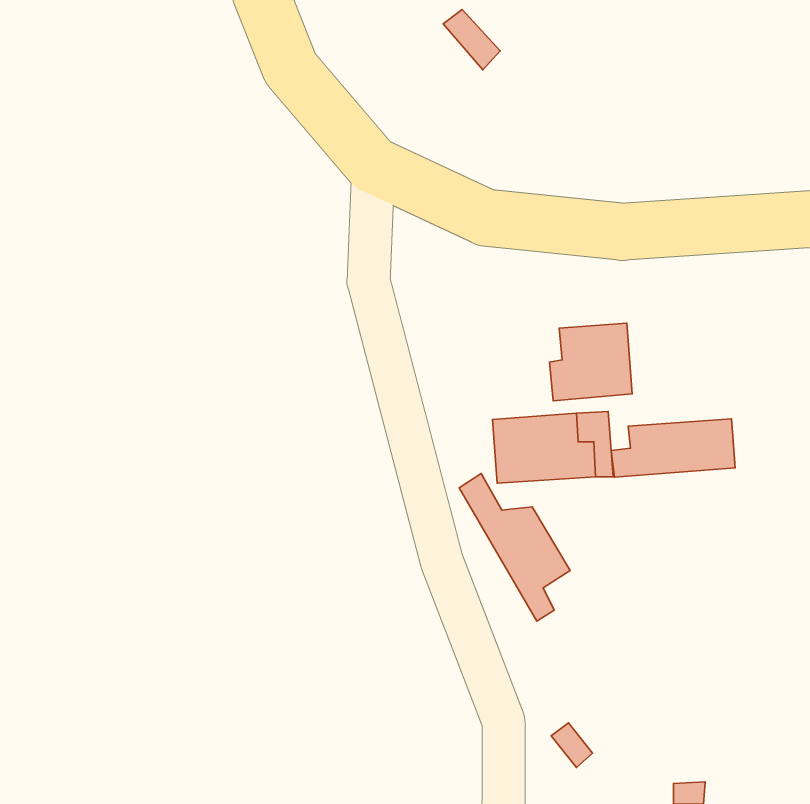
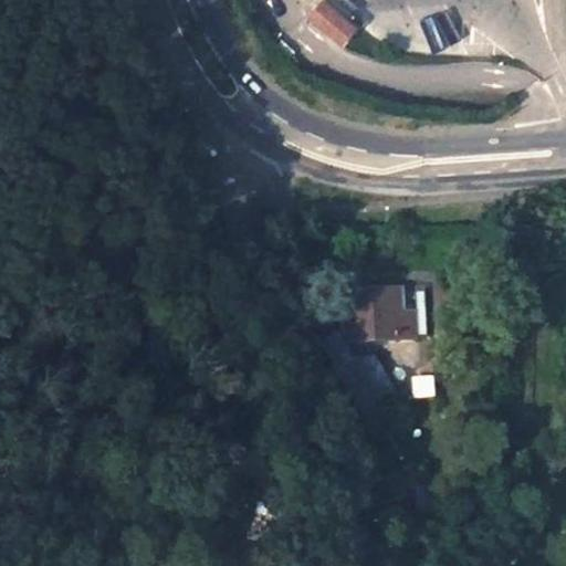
building: [549,323,632,401] -> none
building: [611,419,735,477] -> none

